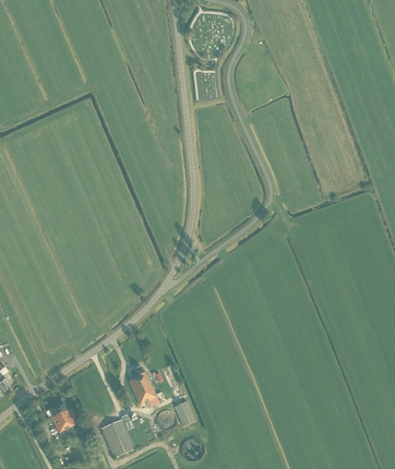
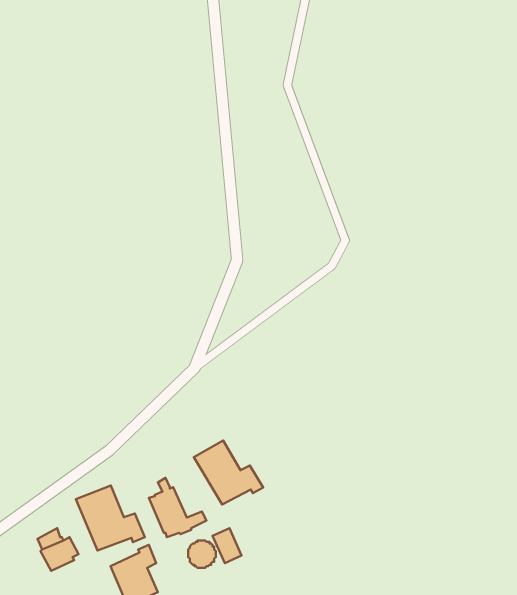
building: none -> [194,441,263,505]
building: none -> [76,485,145,550]

